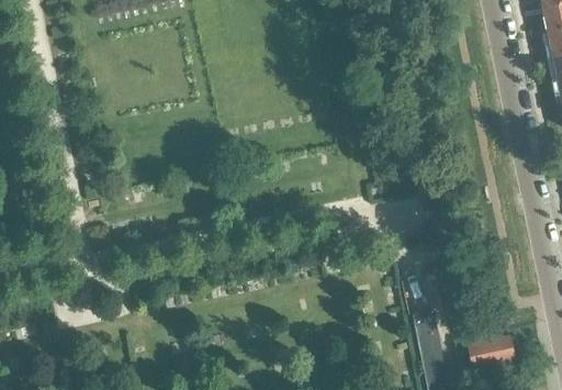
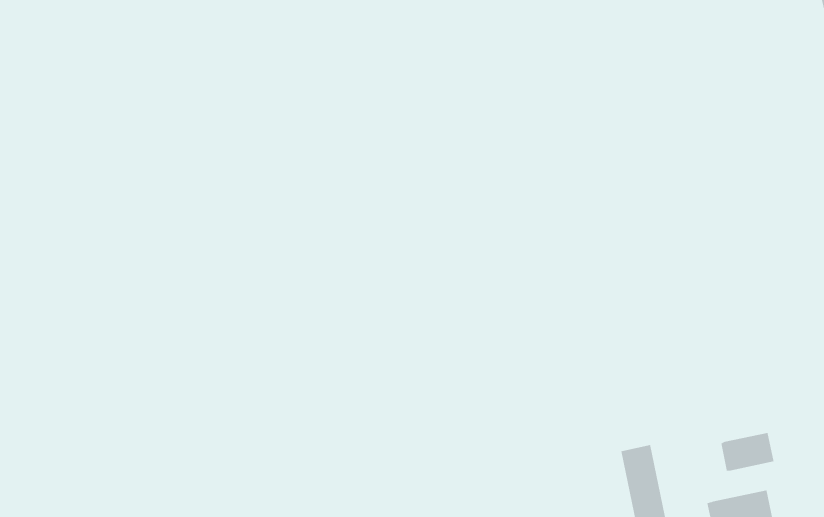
building: none -> [721,432,774,472]

